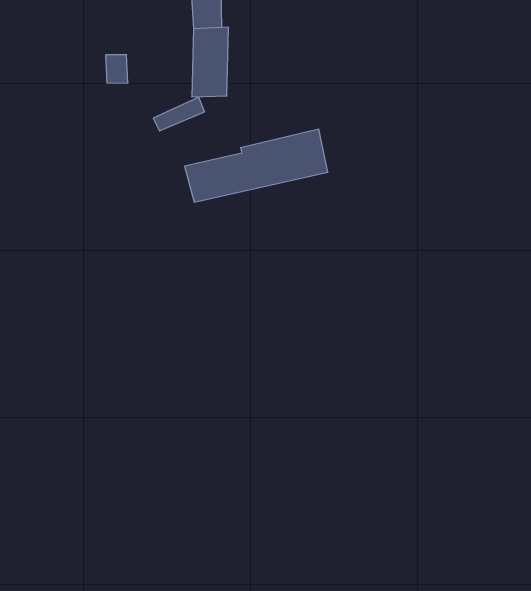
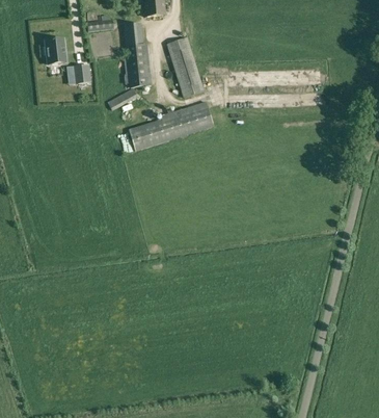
building: none -> [44,38,65,64]
building: none -> [168,36,202,96]

